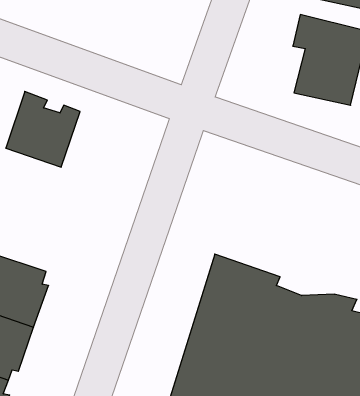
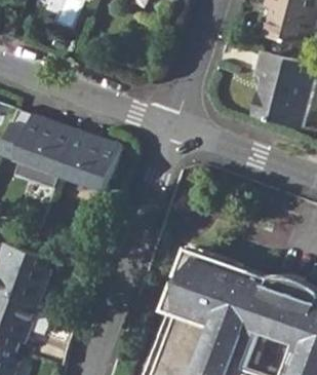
building: none -> [61,128,122,191]

